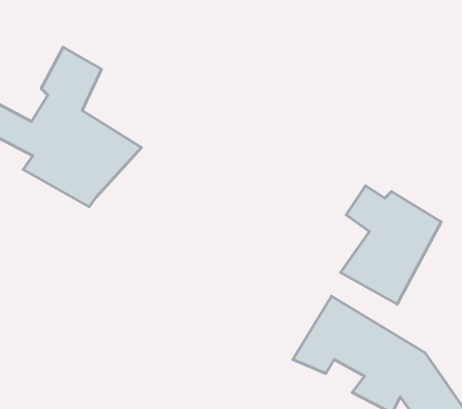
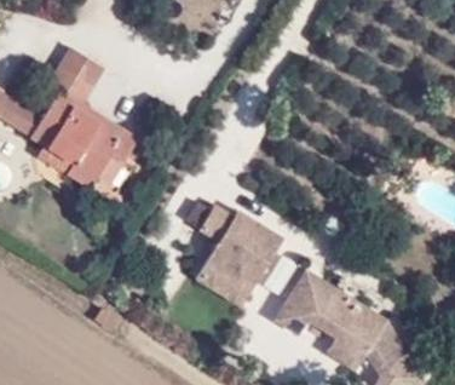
building: [341,186,441,304] -> [192,202,281,306]

